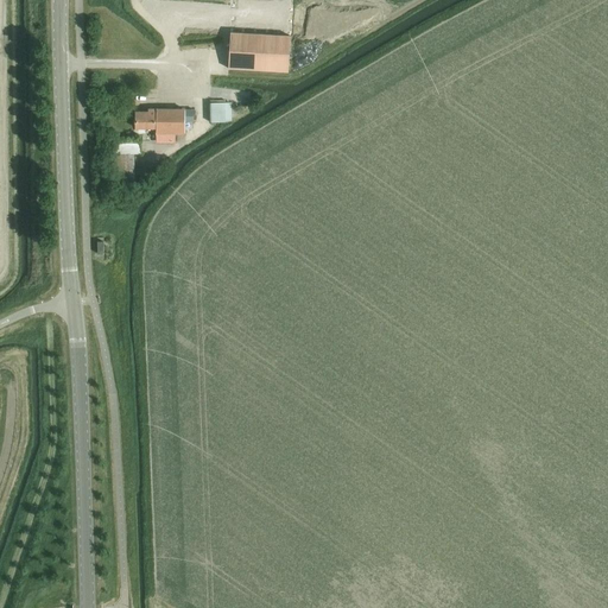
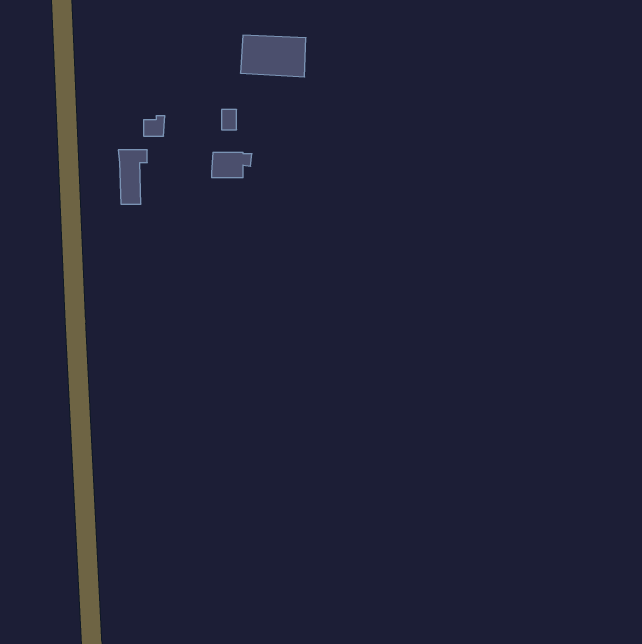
building: [154,109,192,133] -> [212,152,252,178]

